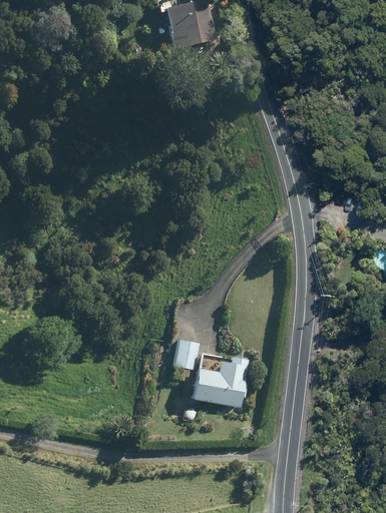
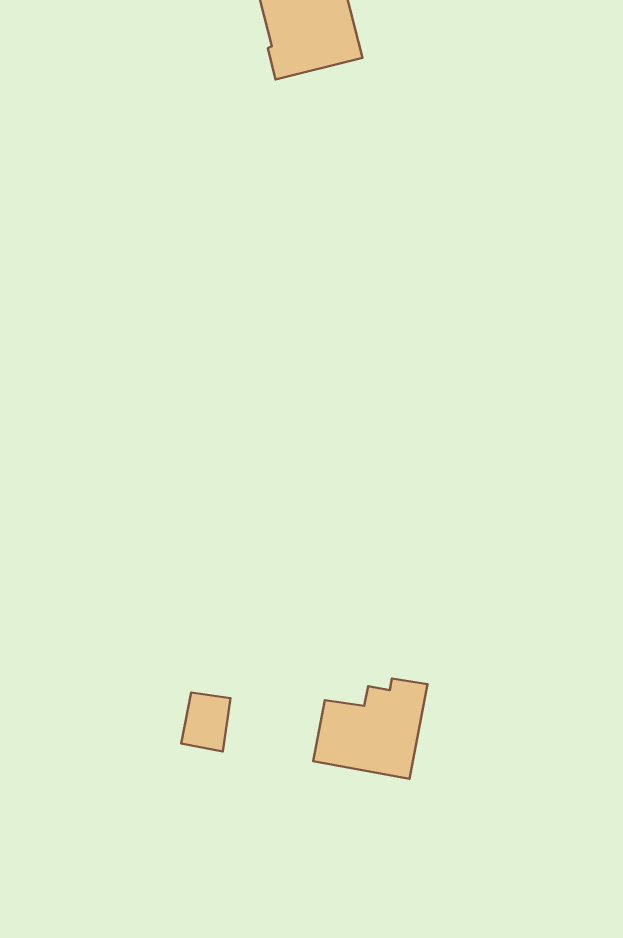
building: [173,339,199,369] -> [181,692,231,751]

